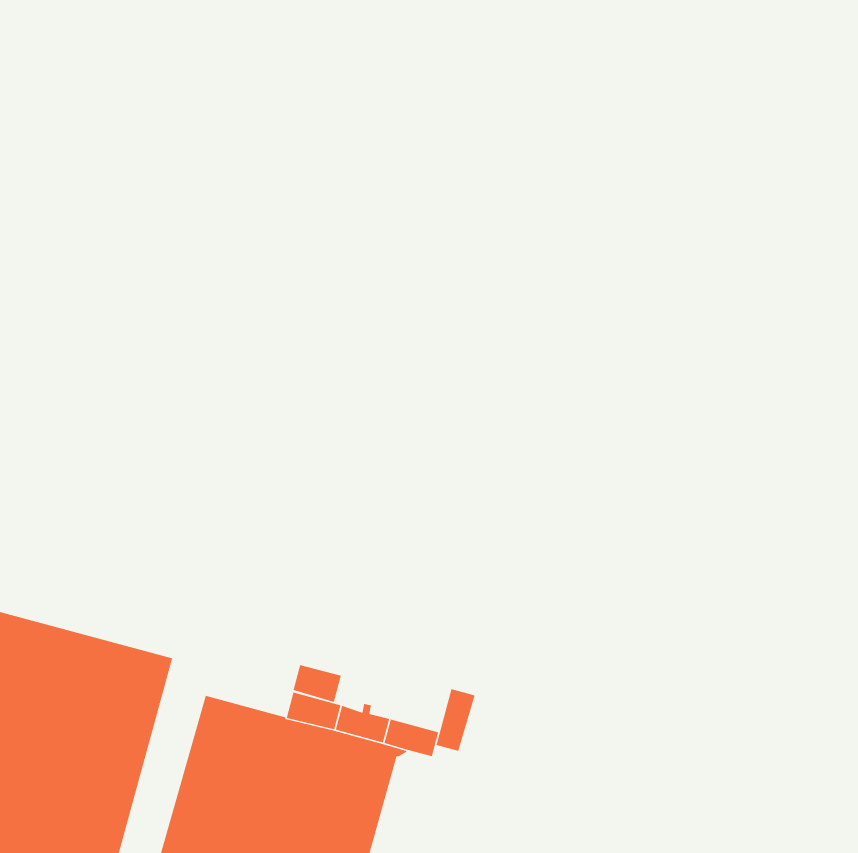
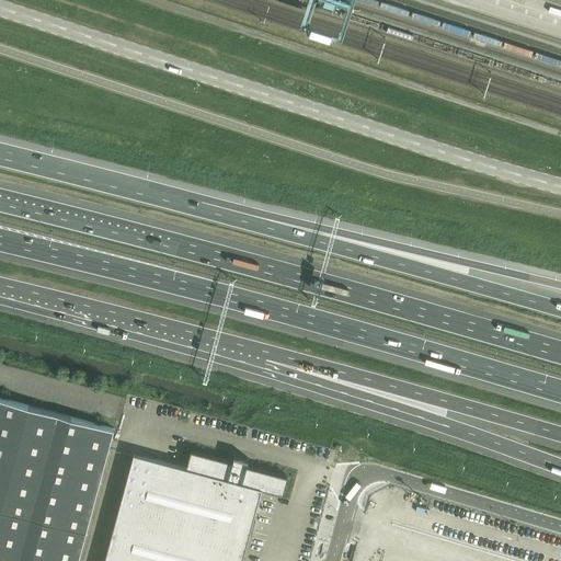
building: [293,664,342,703] -> none
building: [435,688,476,752] -> none

